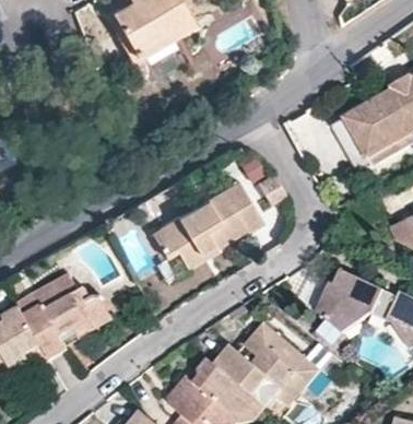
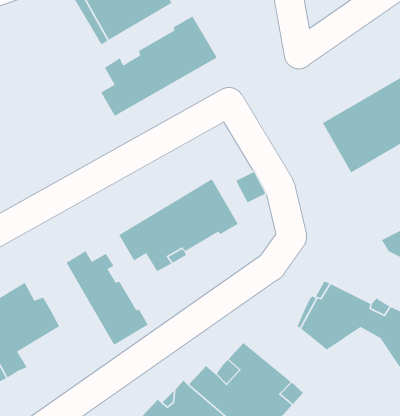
building: none -> [100,16,218,117]
building: none -> [65,250,149,346]

